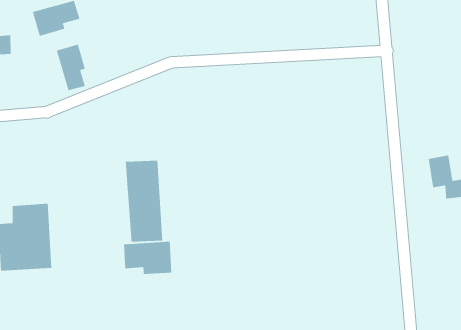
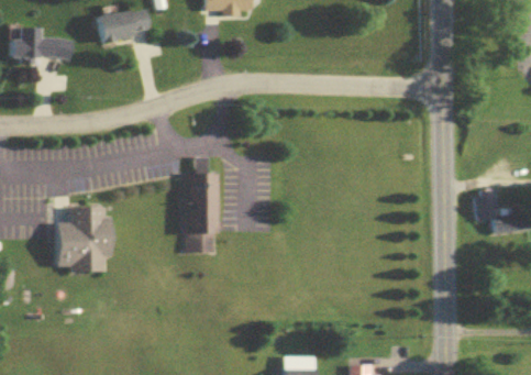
building: [56,44,86,91] -> none
building: [123,241,172,275] -> none

